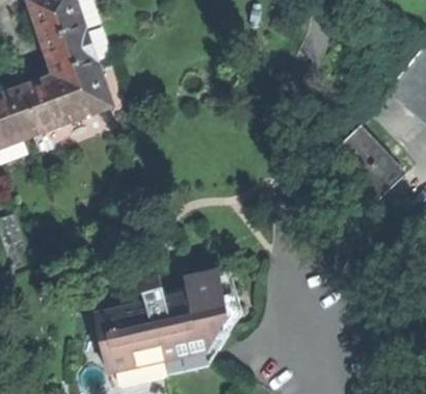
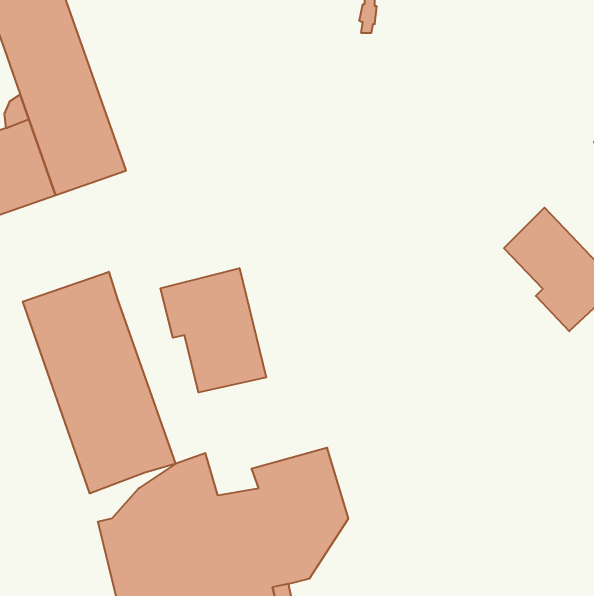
building: none -> [161,268,266,392]
building: none -> [23,272,175,493]

